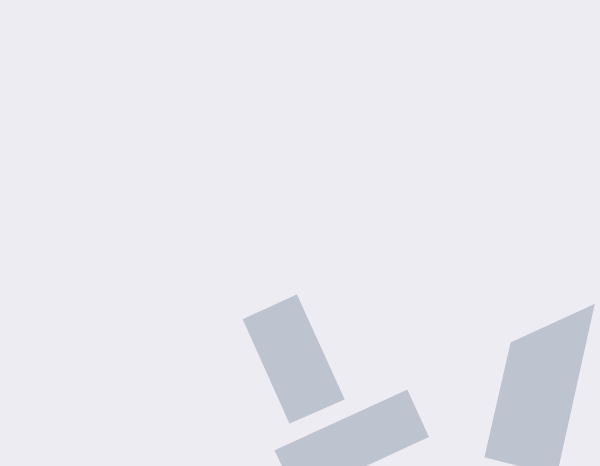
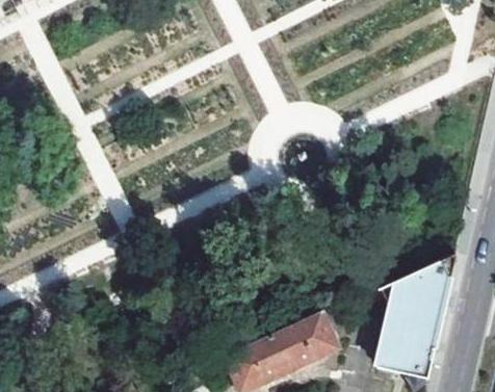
building: [242,294,345,424] -> none

